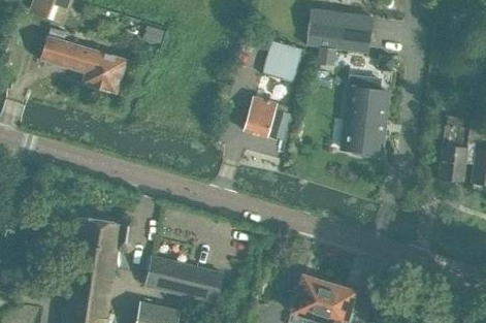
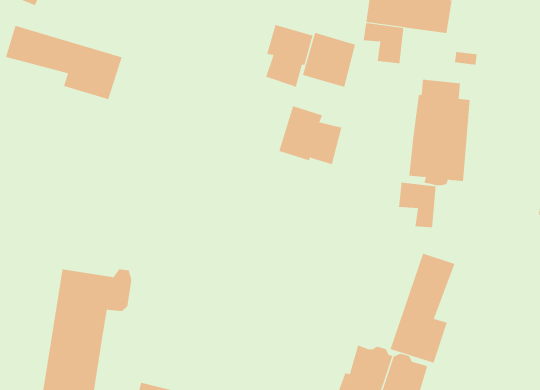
building: none -> [266,24,313,88]
building: none -> [398,182,436,228]
building: none -> [390,253,455,363]
building: [143,257,222,302] -> none

